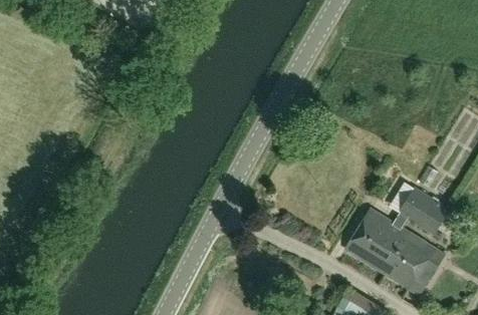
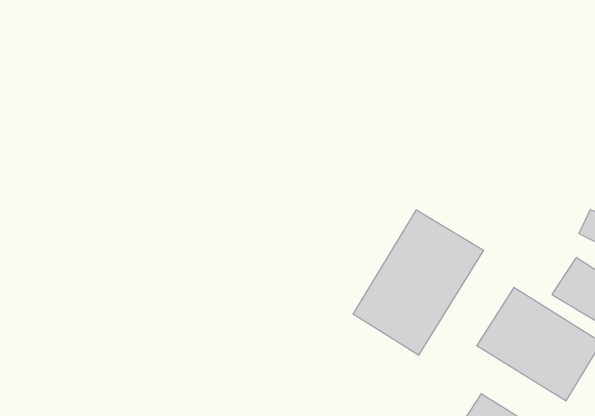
building: none -> [353,210,483,355]

